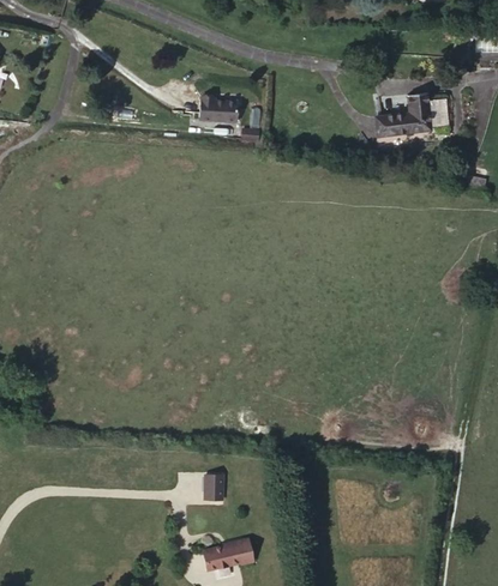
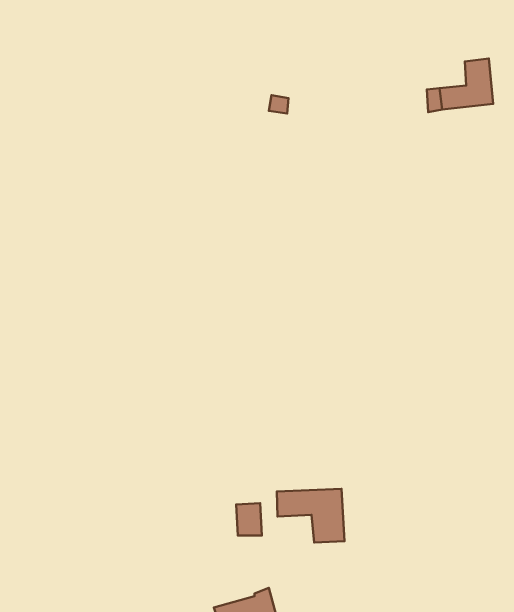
building: [196,89,233,116] -> none
building: none -> [277,489,345,542]

